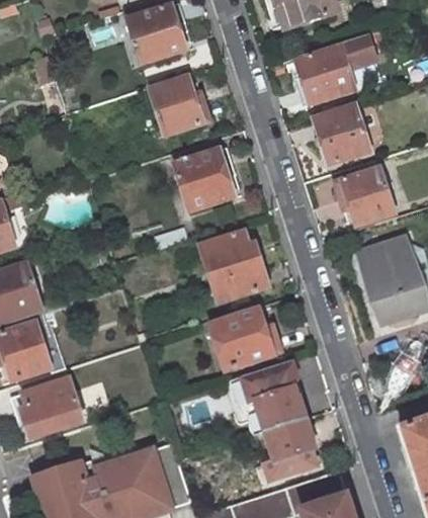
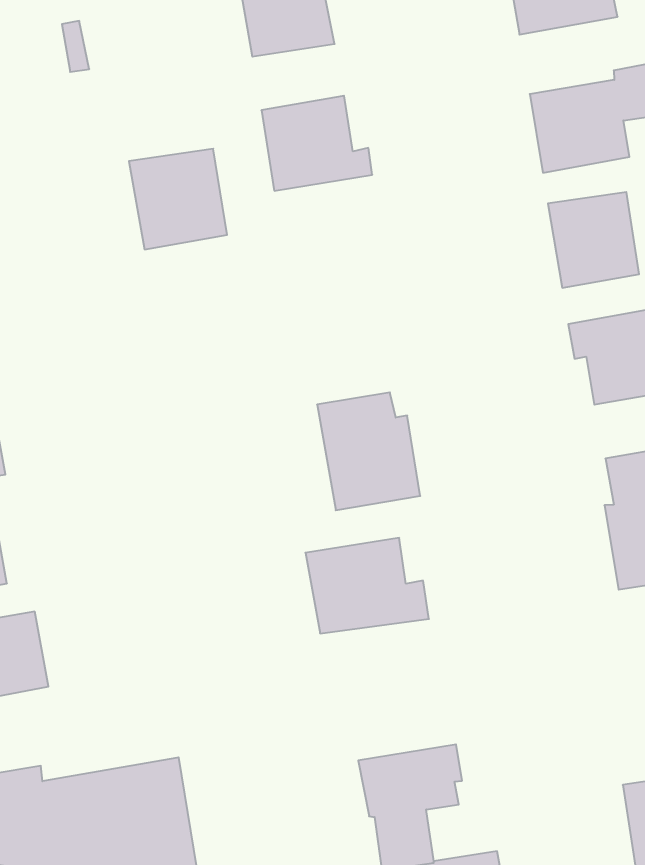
building: [175,147,234,206] -> [129,149,227,249]
building: [232,360,307,433] -> none

